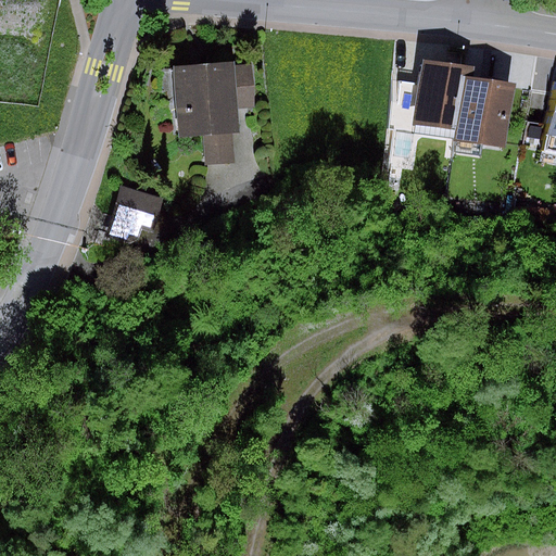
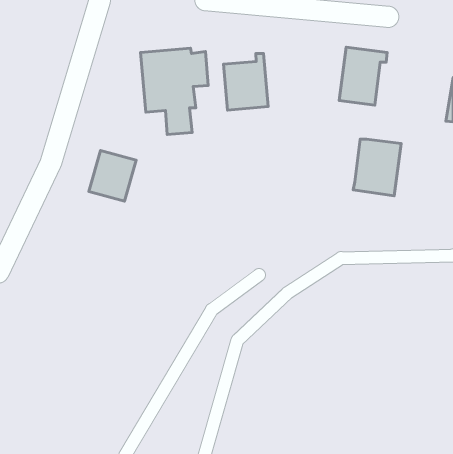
building: none -> [224,53,268,110]
building: [455,77,514,147] -> [353,139,401,196]

